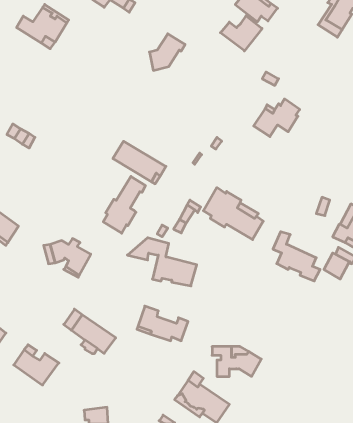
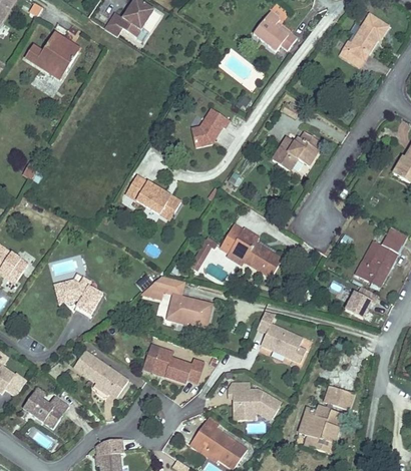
building: [220,16,262,51] -> none
building: [149,34,185,70] -> [191,109,229,147]
building: [103,176,145,233] -> none
building: [273,232,320,281] -> [257,311,306,362]
building: none -> [324,385,353,409]
building: none -> [296,405,342,454]

